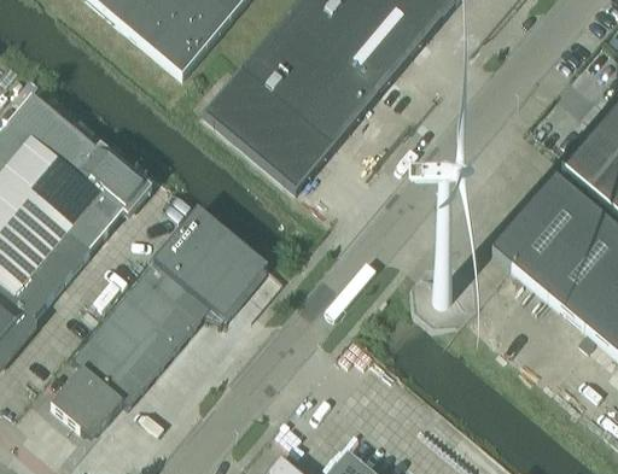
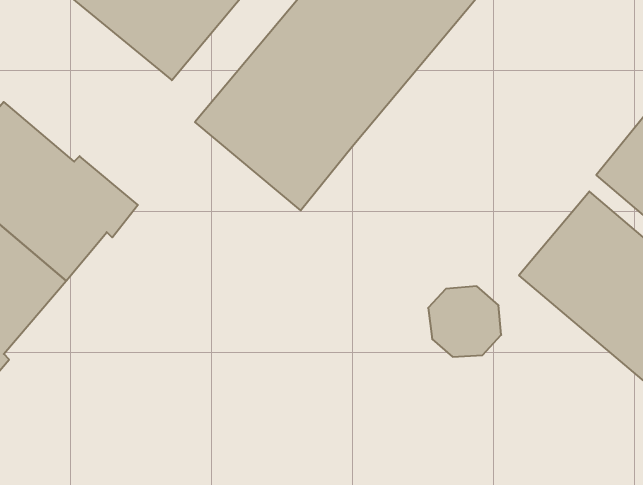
building: [51,207,268,429] -> none

